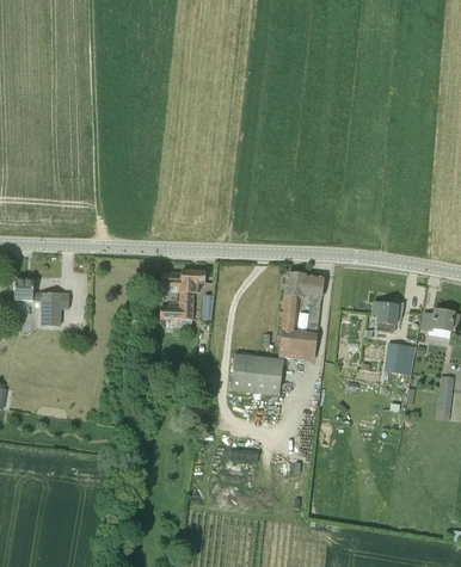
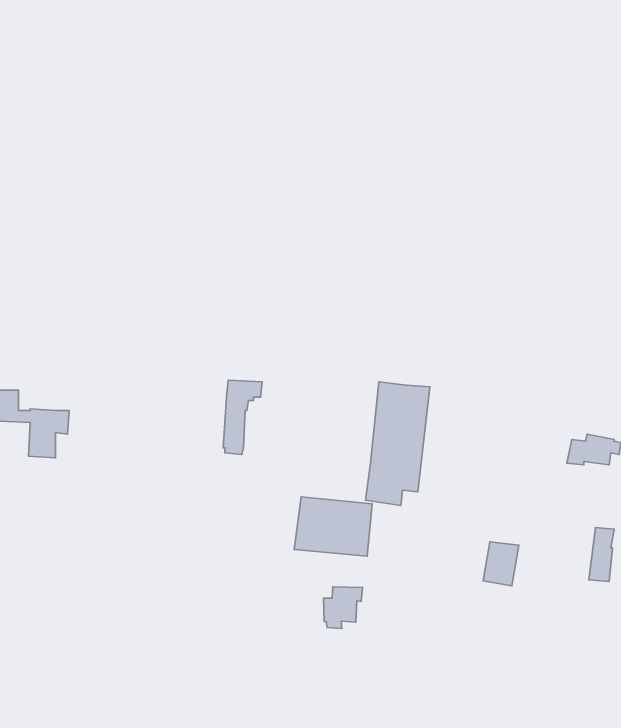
building: [373,301,404,325] -> none
building: [383,343,408,374] -> [483,542,519,586]
building: none -> [324,587,362,629]

